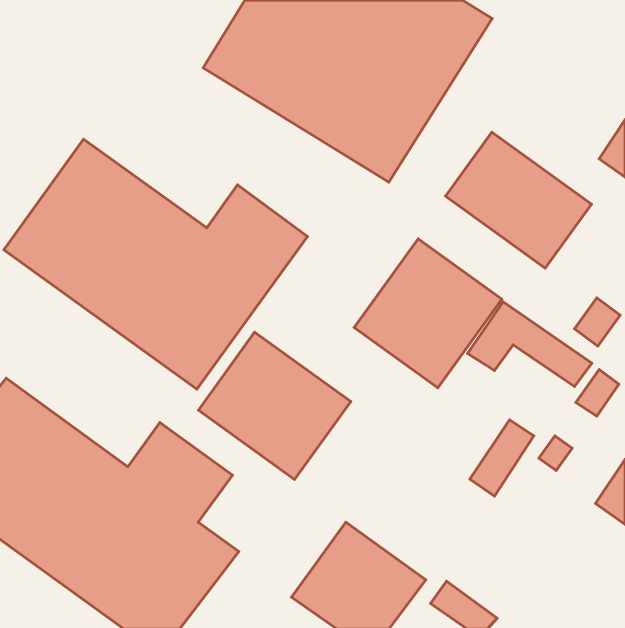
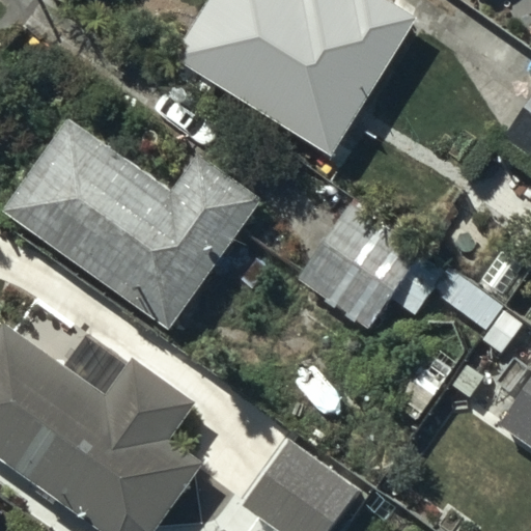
building: [445,132,592,268] -> none
building: [199,332,351,480] -> none

